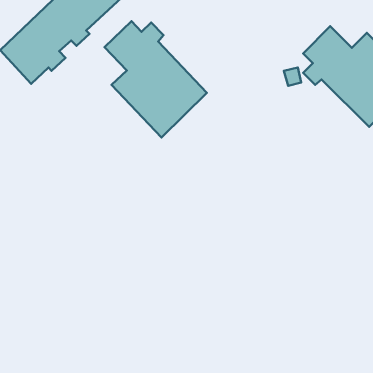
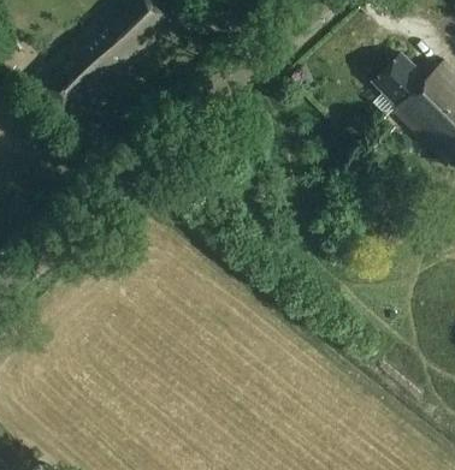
building: [105,21,207,137] -> none

